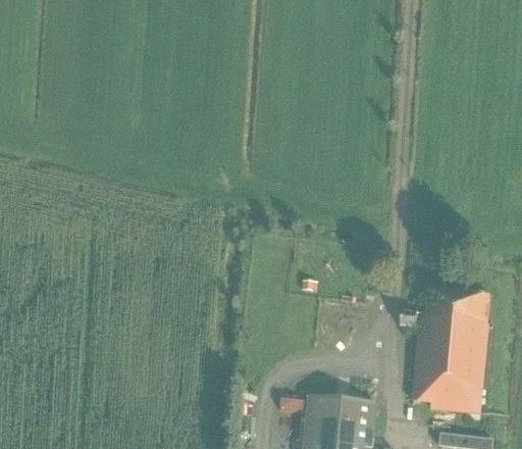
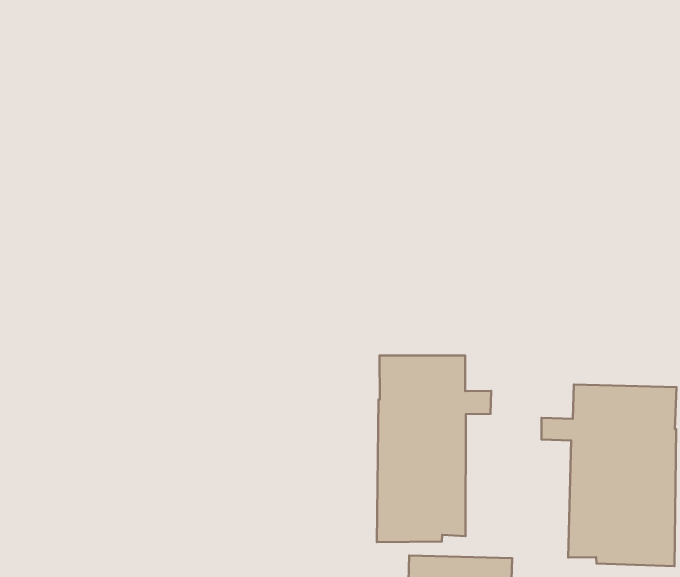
building: none -> [377,356,491,542]

